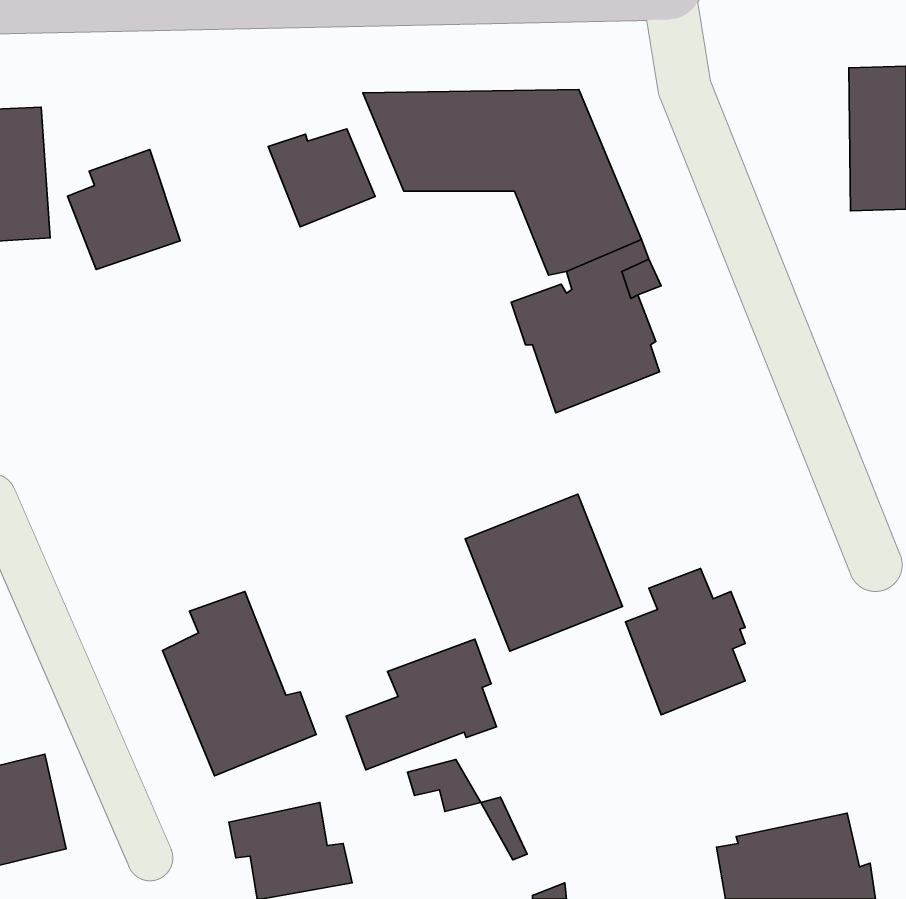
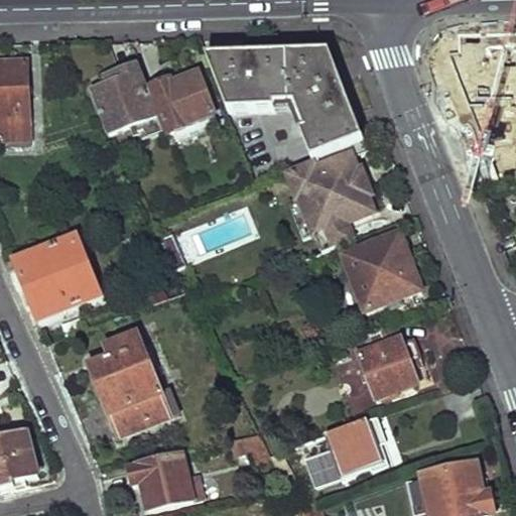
building: [68,150,180,269] -> [94,63,157,131]
building: none -> [13,235,99,318]
building: [465,494,623,651] -> [336,226,424,314]
building: [346,639,496,770] -> [301,413,386,487]

